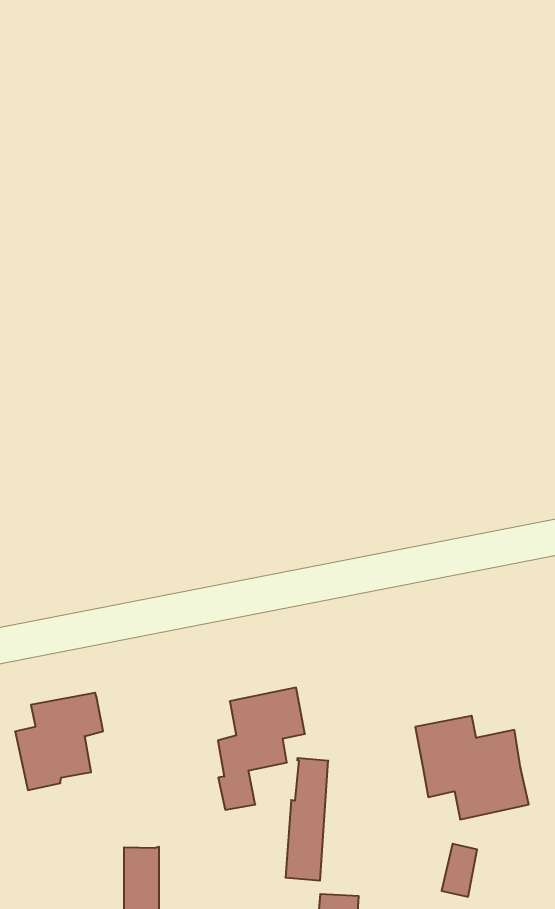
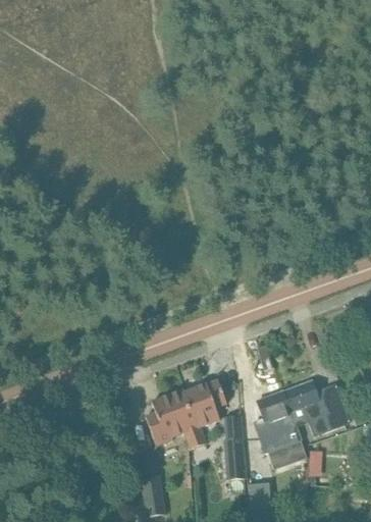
building: [15,693,103,790] -> [145,389,191,446]
building: none -> [254,390,298,463]

